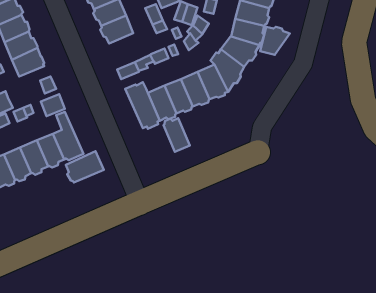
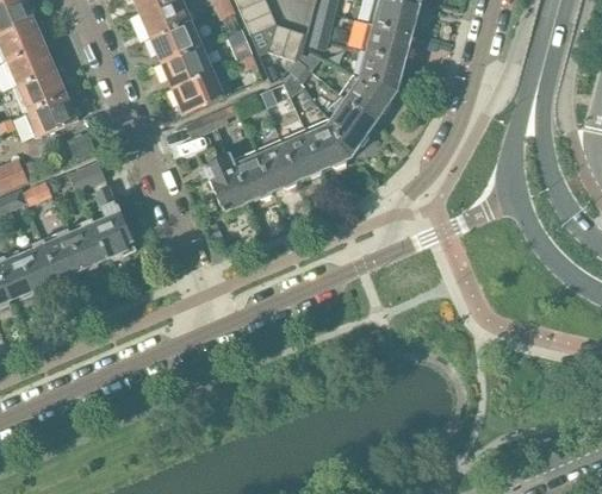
building: [260,27,290,55] -> none
building: none -> [170,71,221,114]
building: [164,118,190,152] -> none
building: [66,151,104,183] -> none

